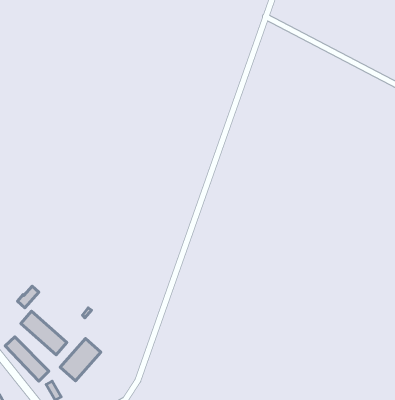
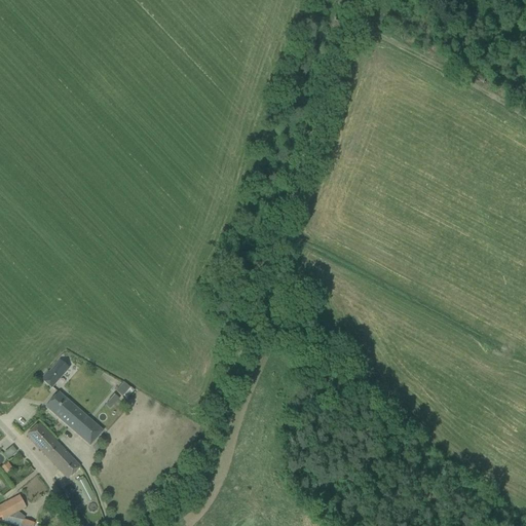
building: [60,338,101,381] -> none

